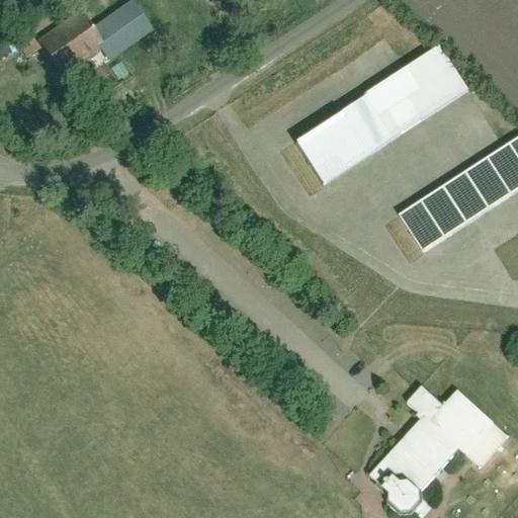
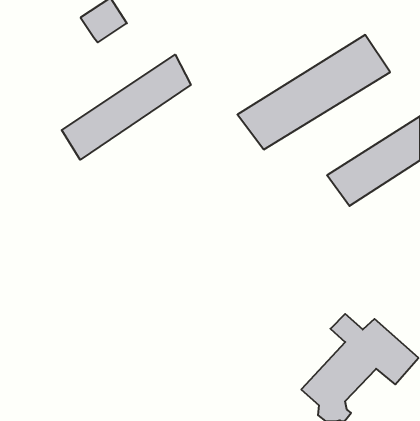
building: [46,11,114,76] -> none
building: none -> [62,55,191,160]

